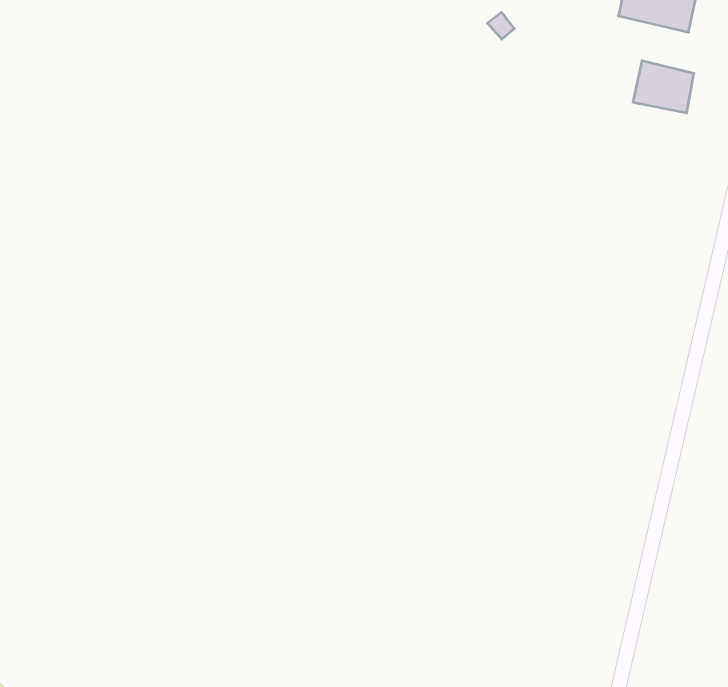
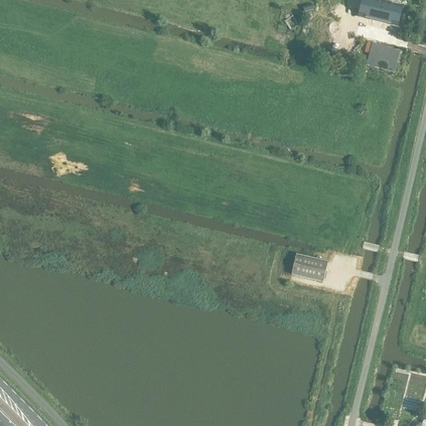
building: none -> [292,254,327,281]

